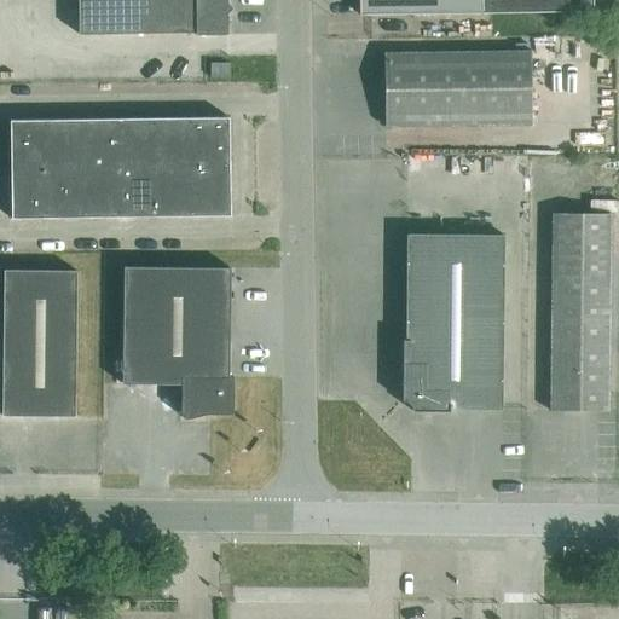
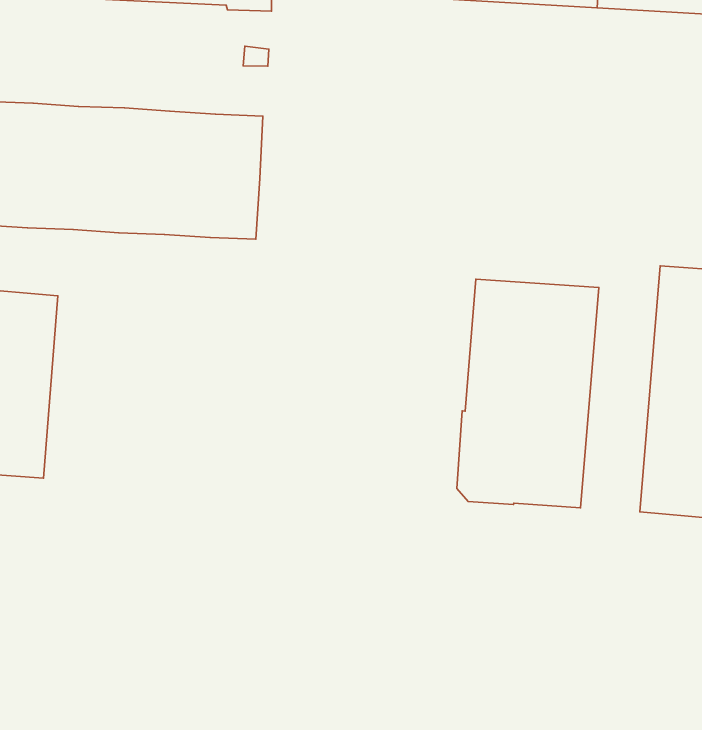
building: [386,50,532,126] -> none
building: [122,265,235,418] -> none

